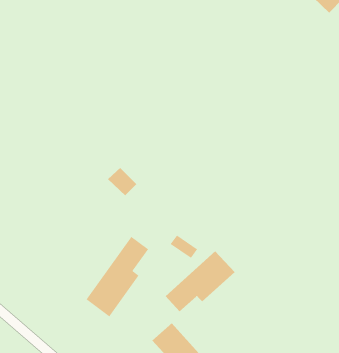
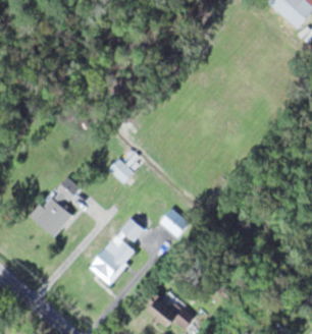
building: none -> [29,179,80,237]
building: [165,251,235,312] -> none

